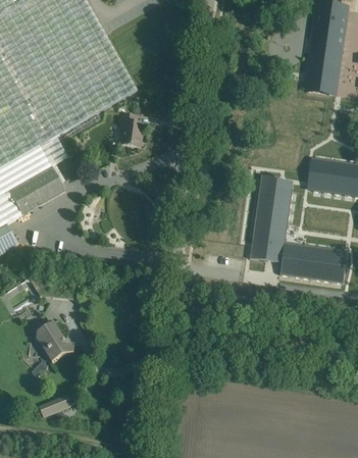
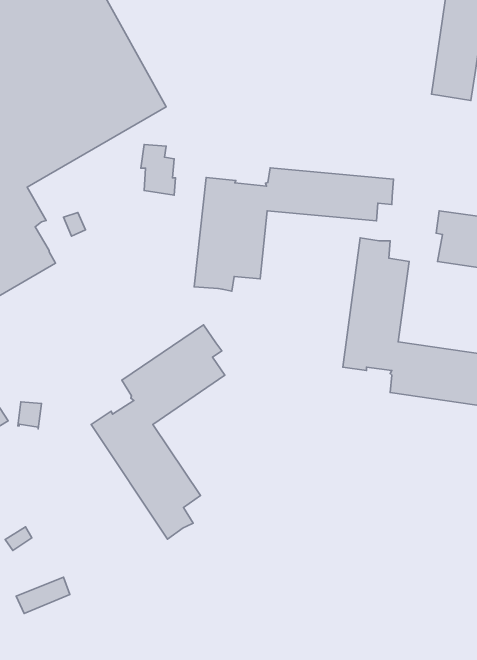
building: none -> [194,168,394,291]
building: none -> [91,325,225,539]
building: [37,321,74,362] -> none

